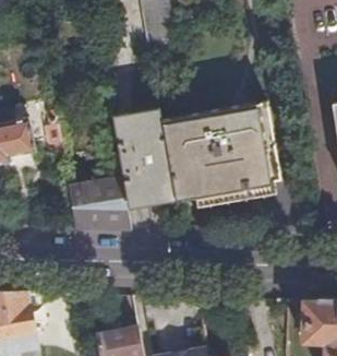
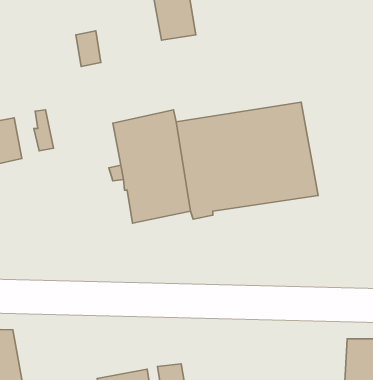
building: [68,178,130,230] -> none

